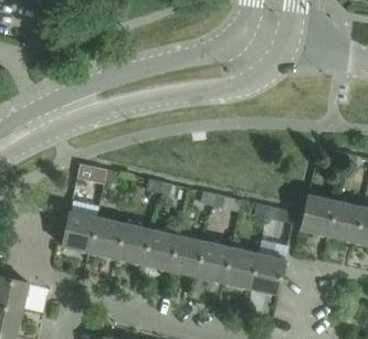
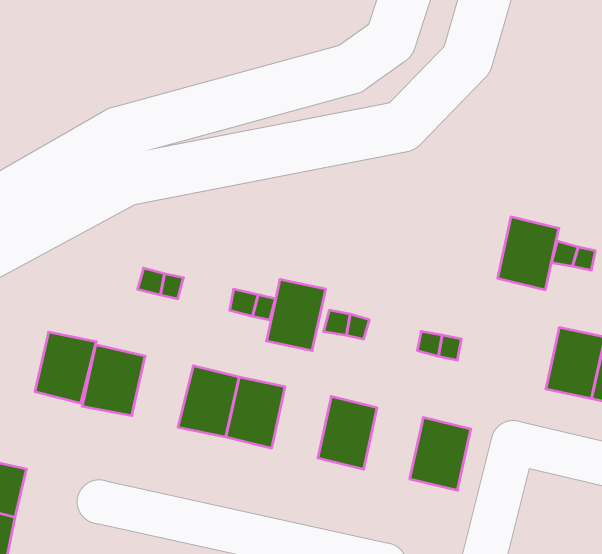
building: [301,195,336,237] -> [498,217,559,290]
building: [90,219,125,259] -> [35,332,96,403]
building: [170,236,204,277] -> [266,280,326,351]
building: [223,248,257,289] -> none

